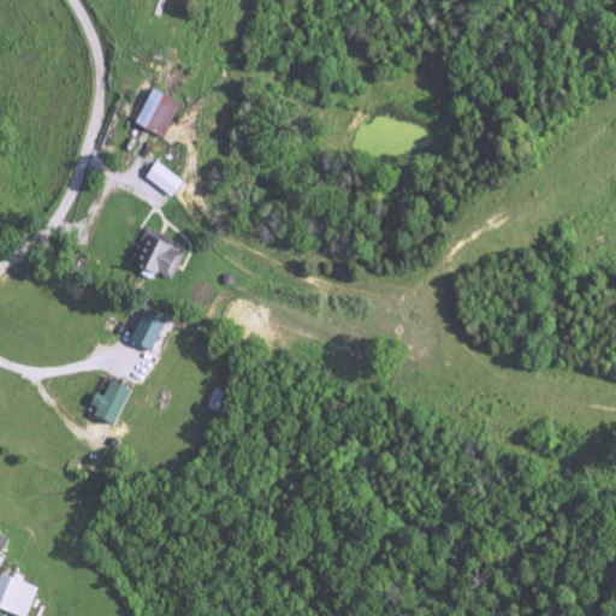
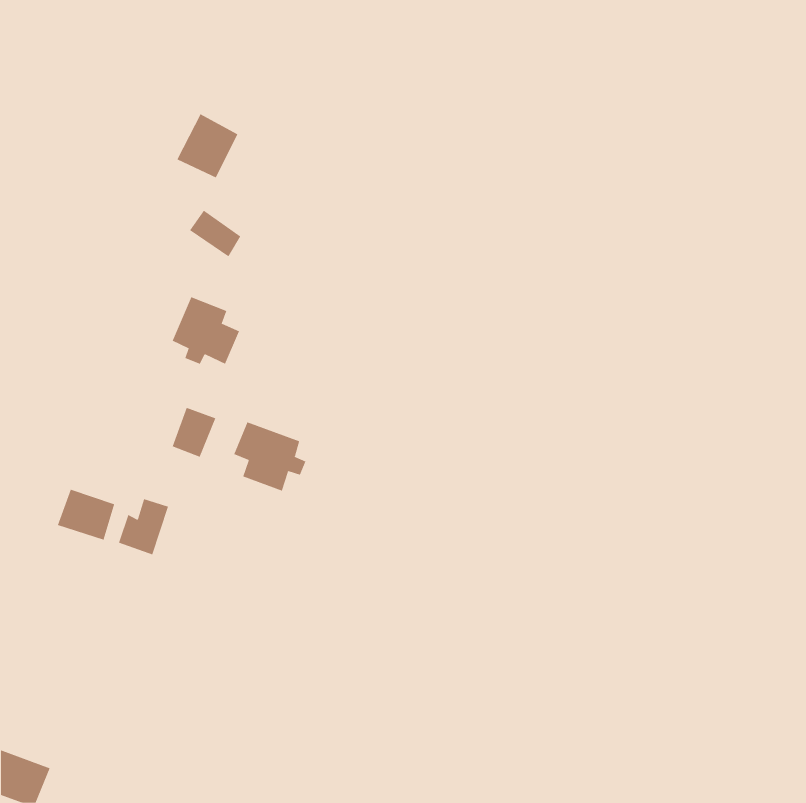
building: none -> [233,421,306,492]
building: none -> [57,489,115,540]

